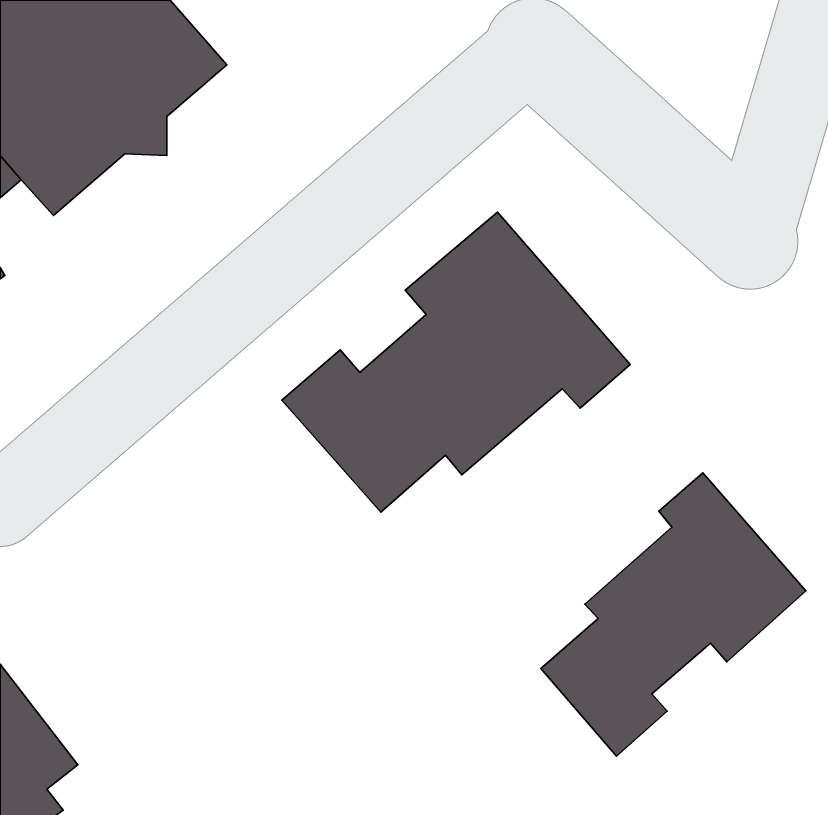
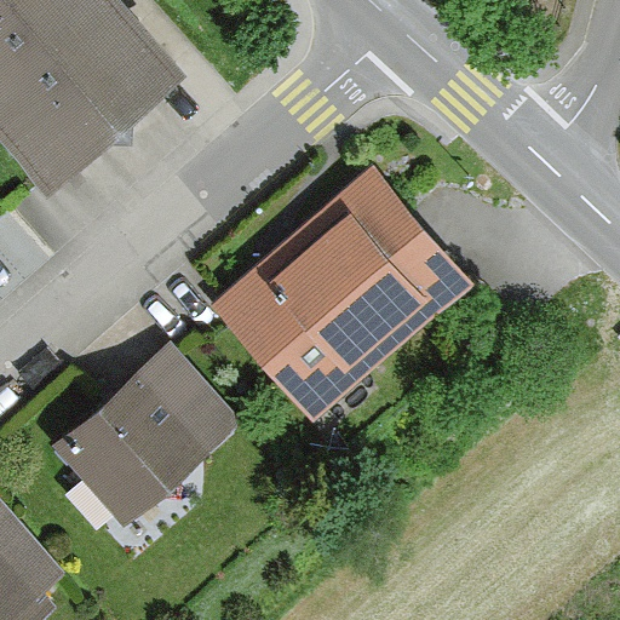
building: none -> [57,351,232,521]
building: [541,473,806,756] -> none

